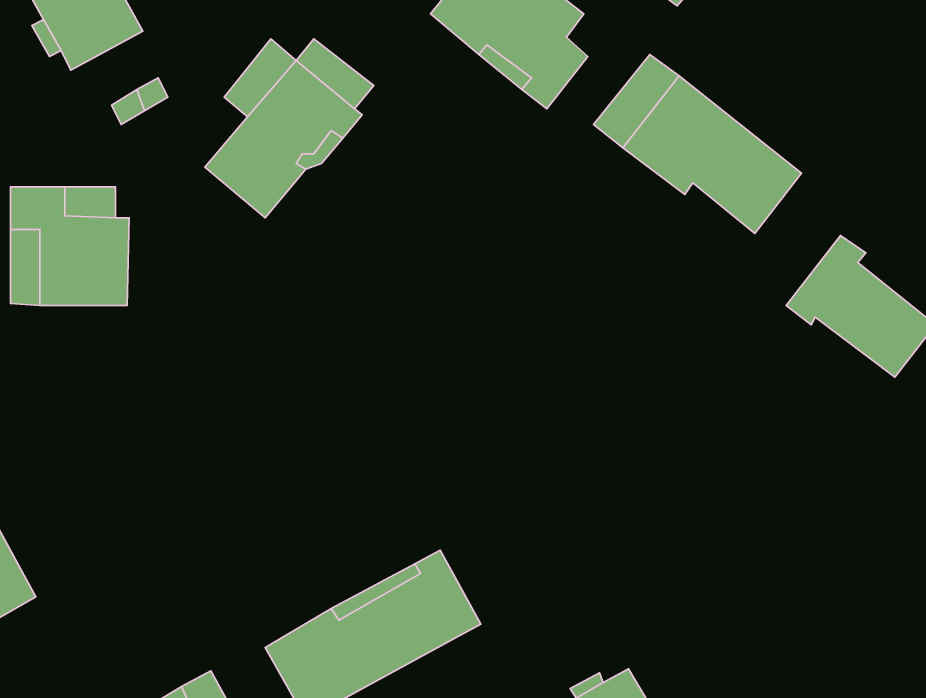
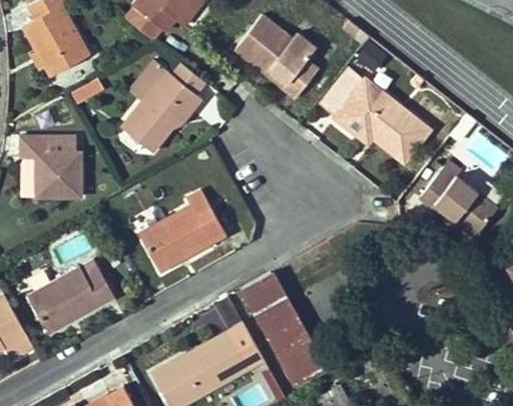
building: none -> [138,188,225,271]
building: none -> [27,260,114,334]
building: none -> [240,273,324,386]

